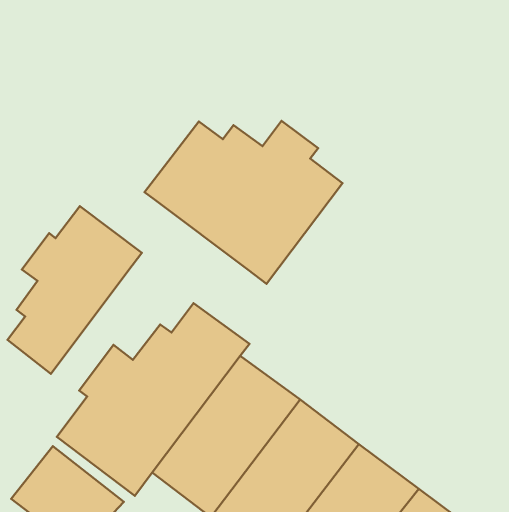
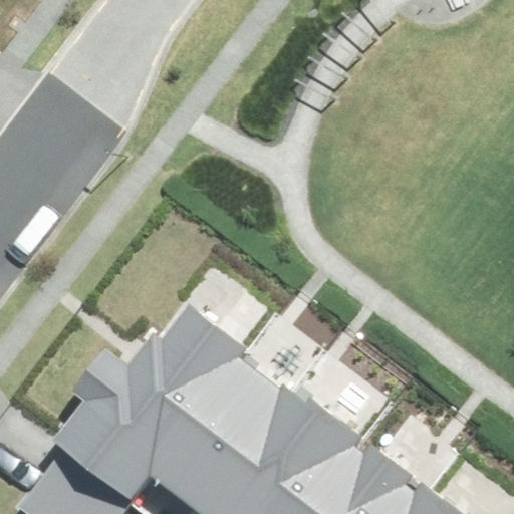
building: [145,121,342,284] -> none
building: [8,206,142,374] -> none

